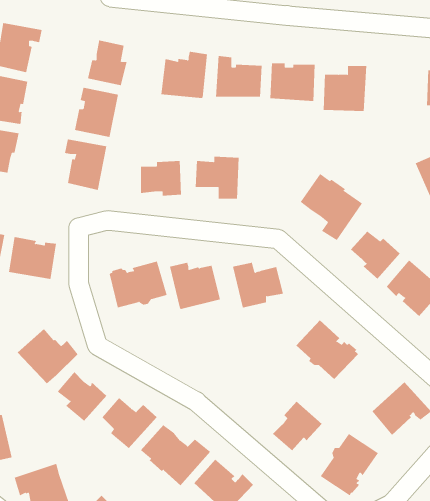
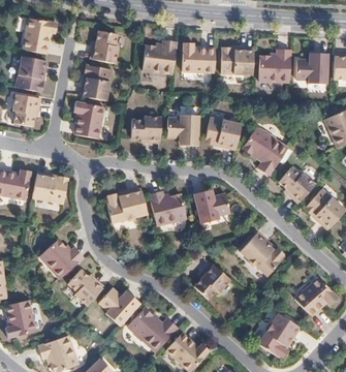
building: none -> [296,53,328,83]
building: none -> [205,117,242,149]
building: [272,401,322,451] -> [194,262,230,299]

